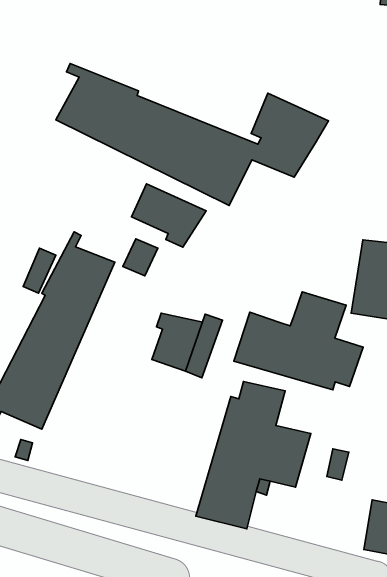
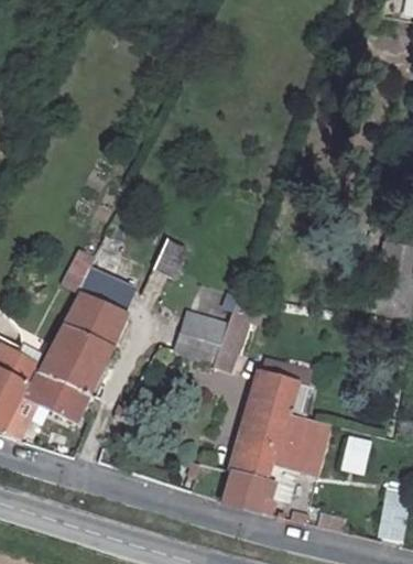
building: [56,63,328,206] -> none
building: [131,184,206,247] -> none
building: [234,292,363,390] -> none

